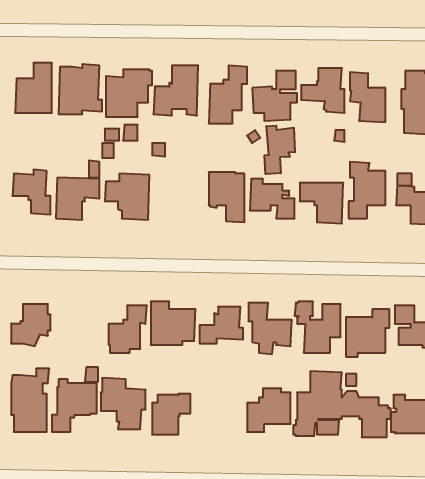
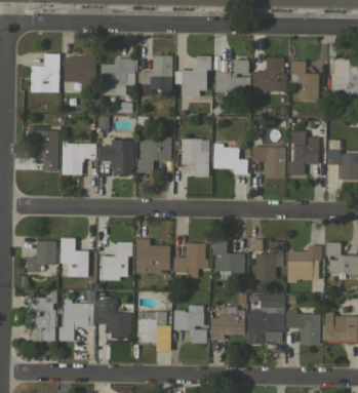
building: [265,126,295,174] -> none
building: none -> [137,132,171,173]
building: none -> [59,238,88,277]
building: none -> [173,305,206,344]

